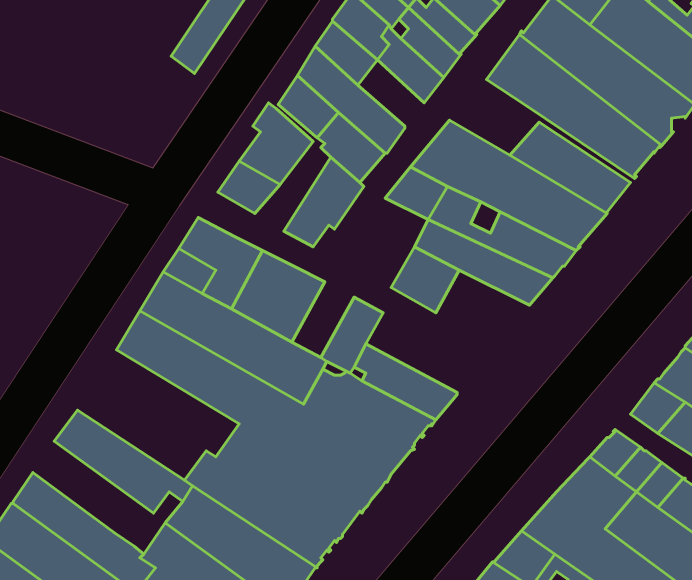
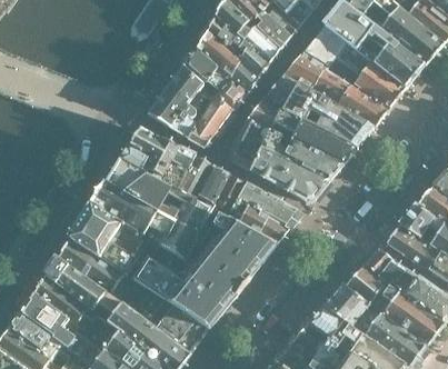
building: none -> [231,39,269,77]
building: none -> [283,49,335,93]
building: none -> [172,86,216,137]
building: none -> [231,118,271,169]
building: none -> [276,159,329,200]
building: none -> [193,166,229,209]
building: none -> [236,183,298,229]
building: none -> [71,205,163,279]
building: none -> [46,257,121,321]

